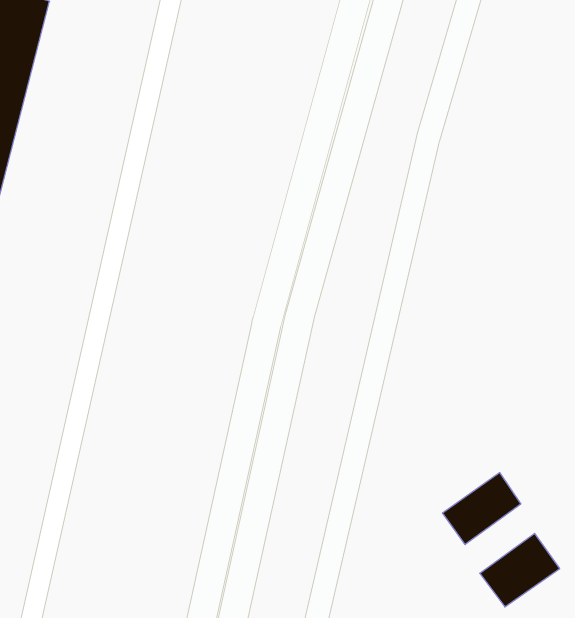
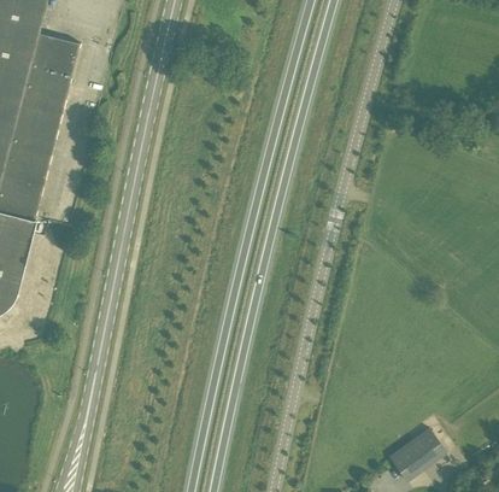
building: [443,473,521,545] -> none

